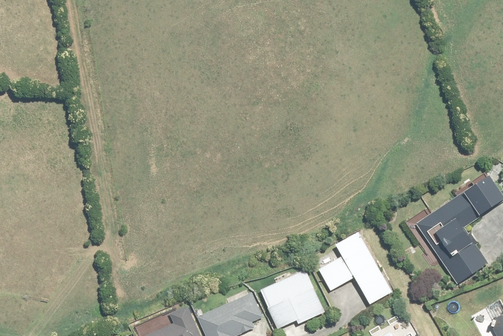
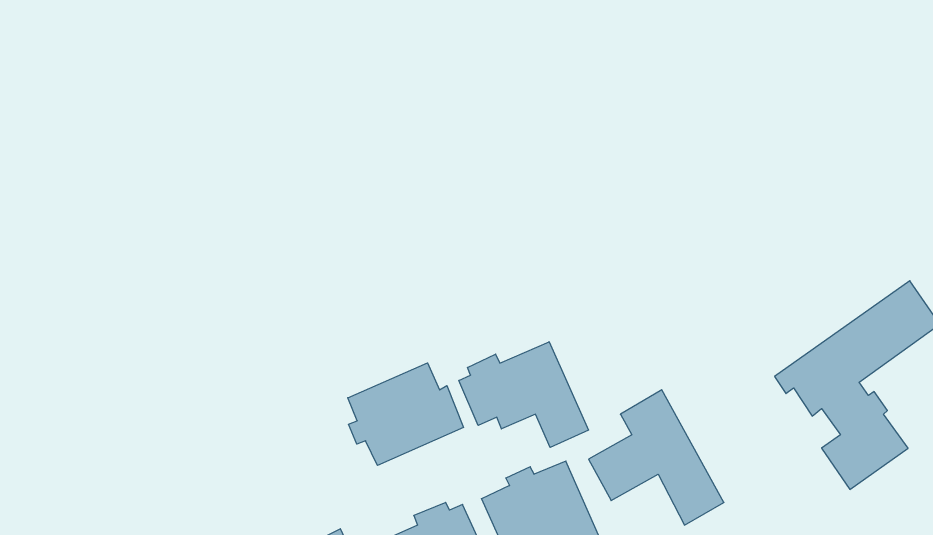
building: none -> [459,342,589,447]
building: none -> [348,363,463,465]

